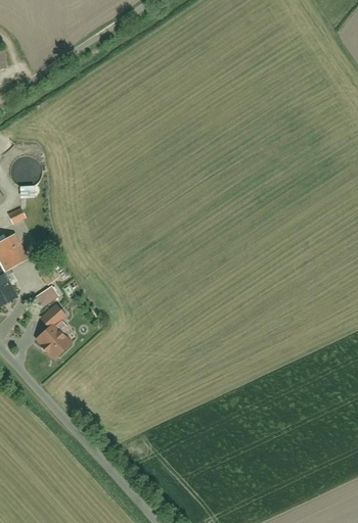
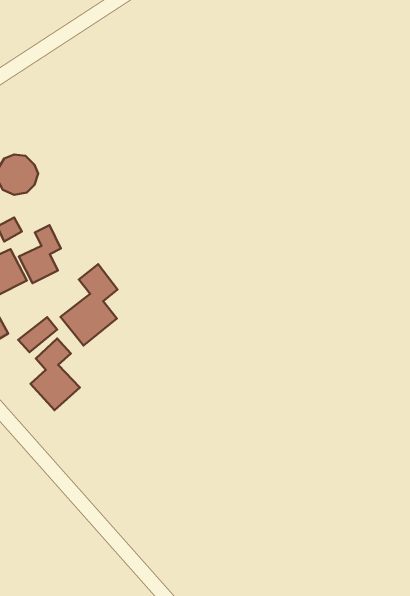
building: none -> [19,225,61,283]
building: none -> [60,264,117,345]

